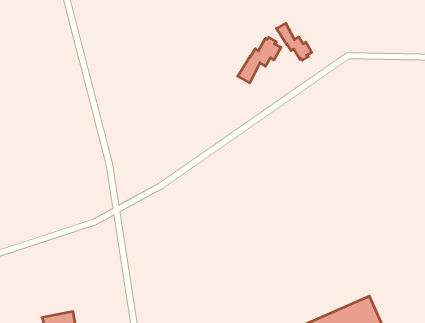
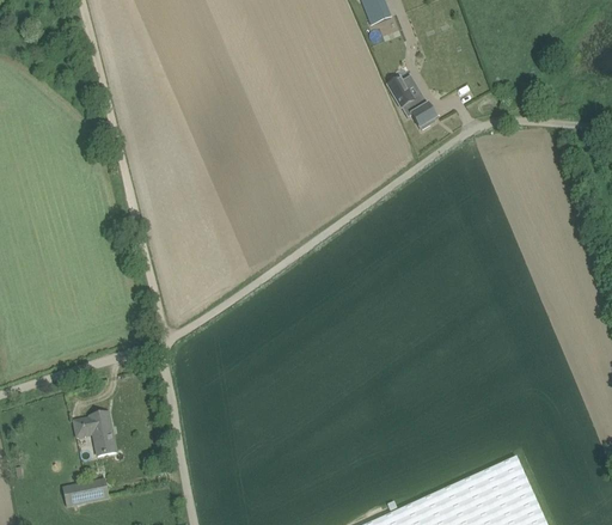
building: [238,37,281,83] -> none
building: none -> [74,414,117,457]

